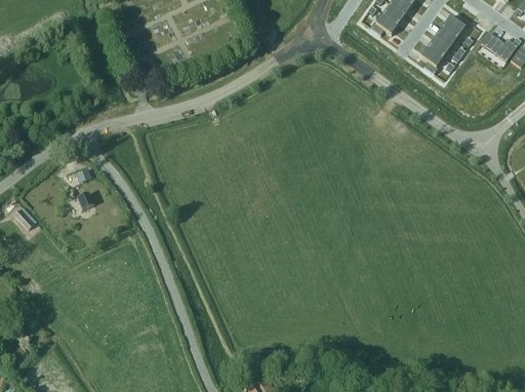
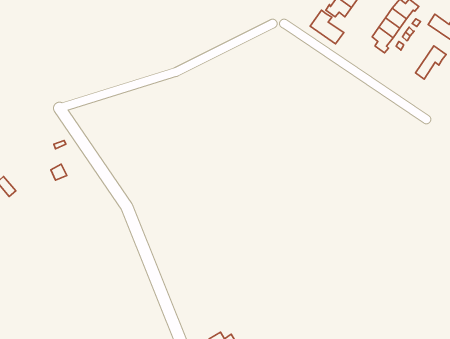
building: none -> [310,10,344,44]
building: none -> [416,46,446,79]

